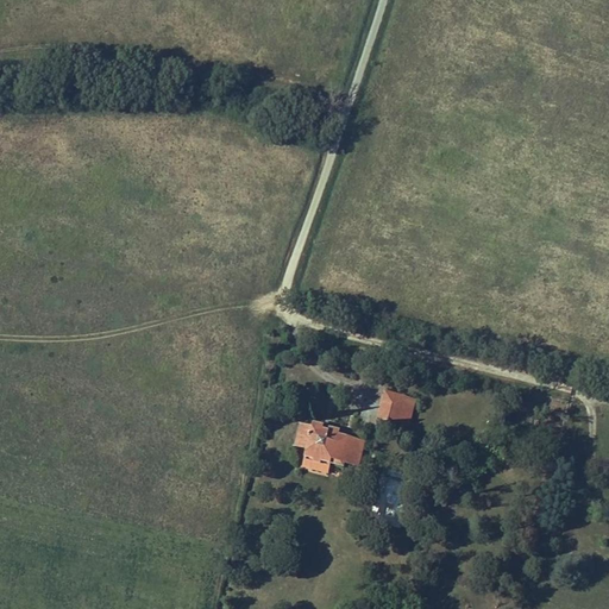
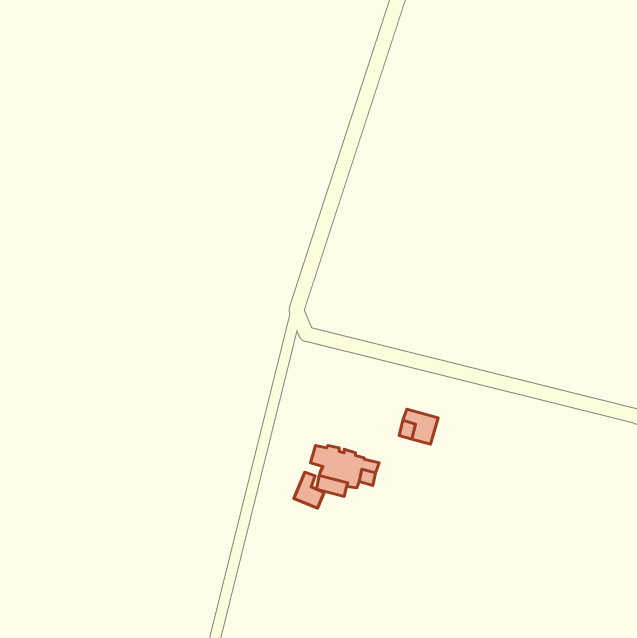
building: none -> [294,472,324,508]

